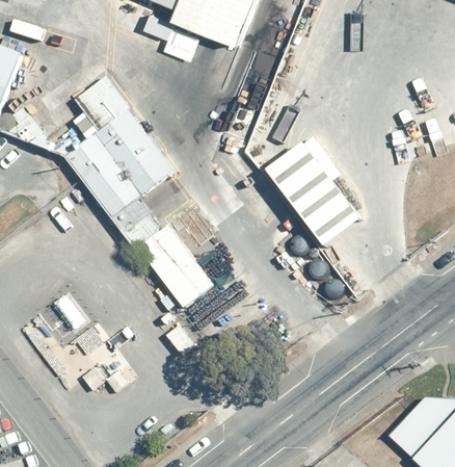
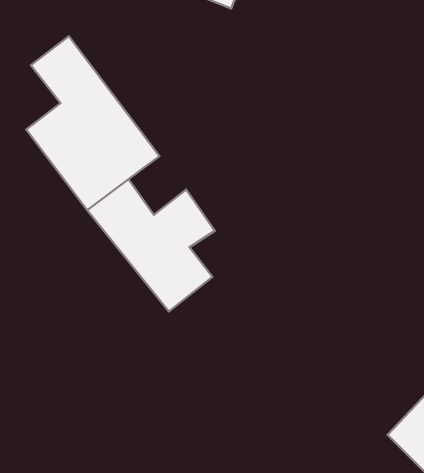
building: [264,138,356,238] -> none

